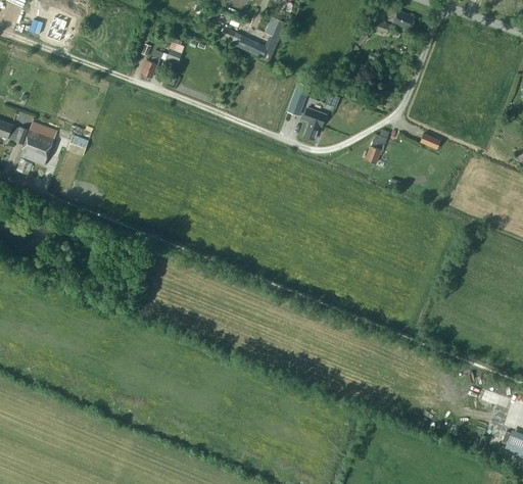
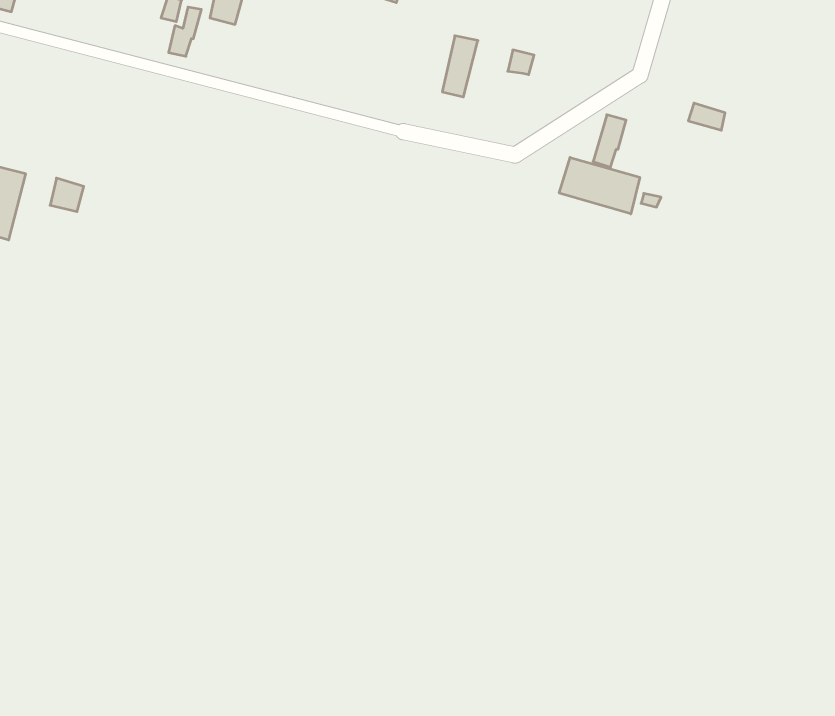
building: [303,107,327,139] -> none
building: none -> [559,157,640,214]

